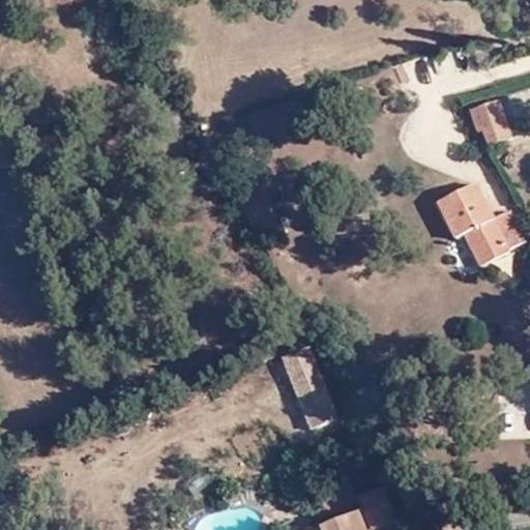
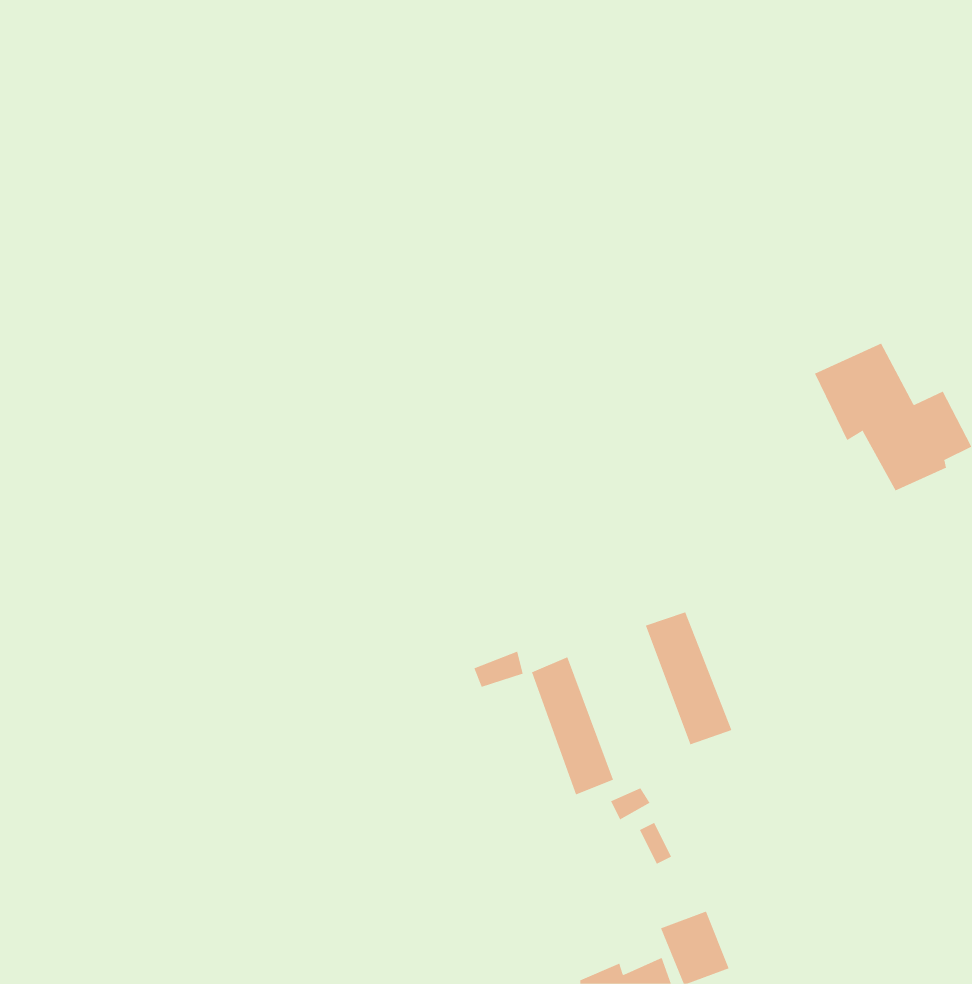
building: [461,98,507,146] -> none
building: none -> [645,612,732,745]

